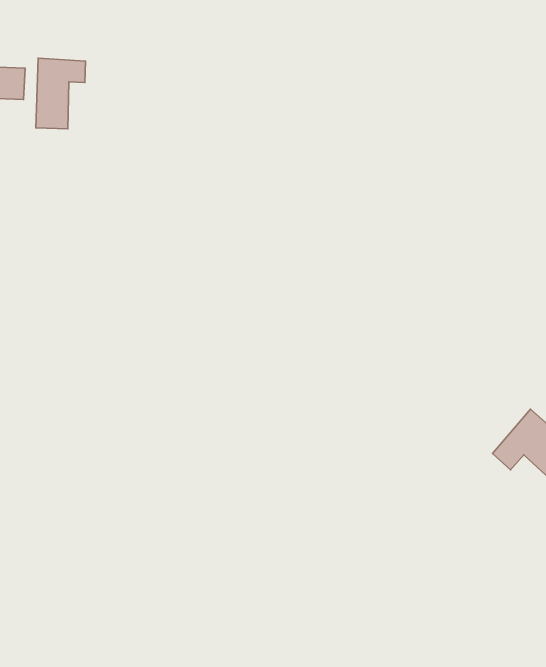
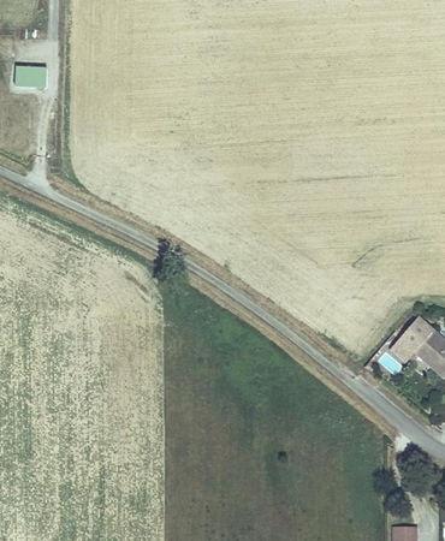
building: [36,58,85,129] -> none

